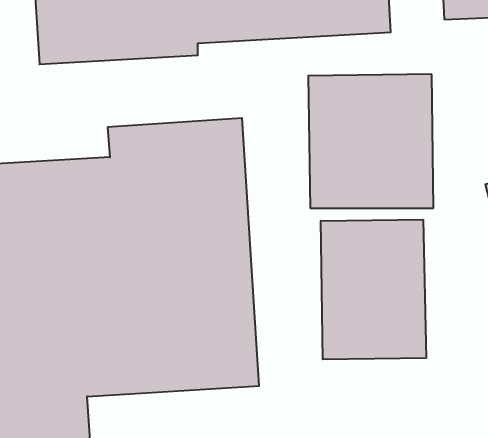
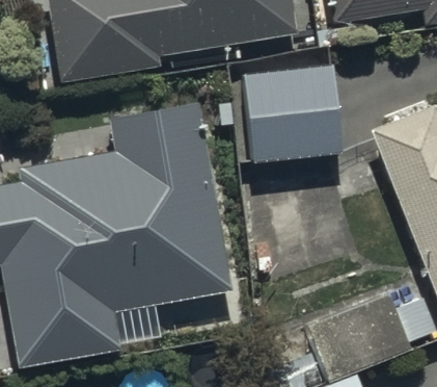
building: [321,220,426,359] -> none

